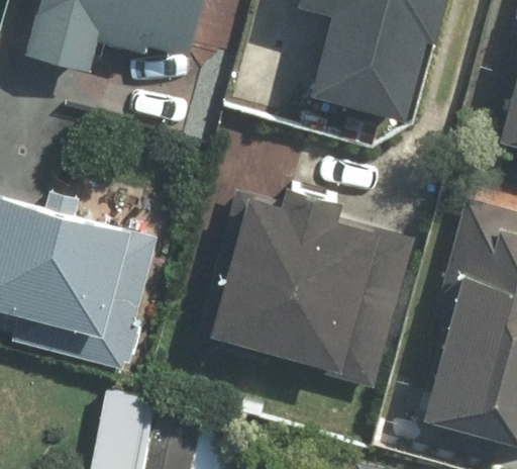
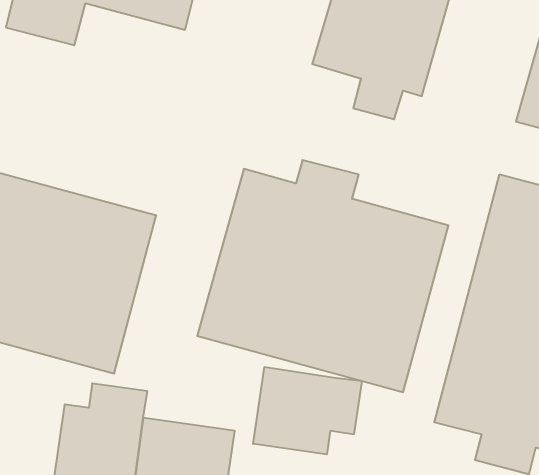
building: none -> [253,367,362,454]

